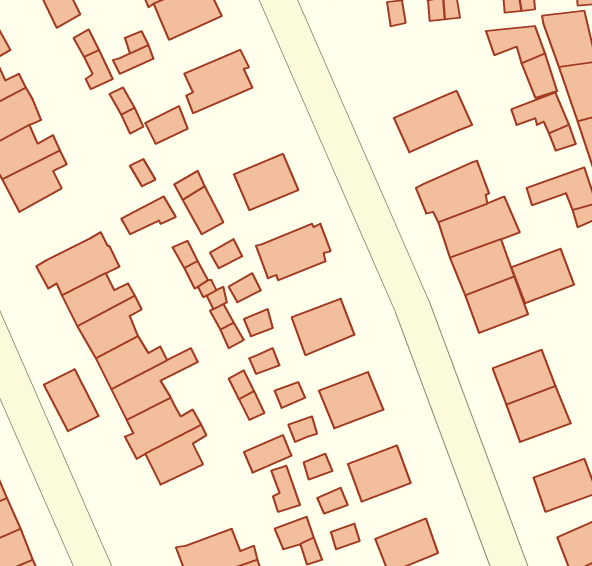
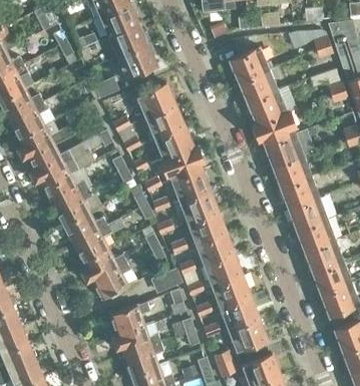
building: none -> [108,24,150,58]
building: none -> [231,49,271,84]
building: none -> [137,84,175,117]
building: none -> [250,91,287,123]
building: none -> [18,121,71,163]
building: none -> [155,126,193,158]
building: [511,249,574,303] -> [291,200,328,232]
building: none -> [172,168,210,202]
building: none -> [189,212,226,245]
building: [44,369,99,431] -> none
building: none -> [206,256,243,288]
building: none -> [315,264,353,296]
building: none -> [222,299,260,332]
building: none -> [111,304,150,336]

